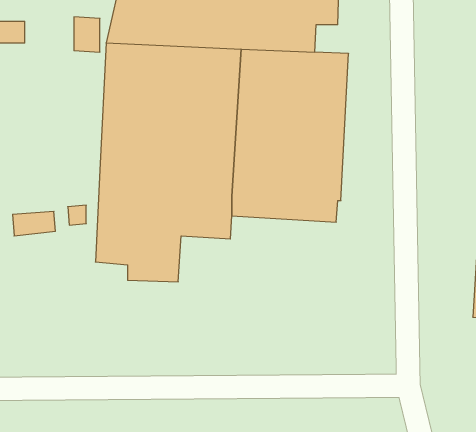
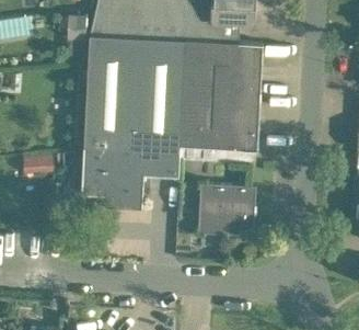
building: none -> [198,185,255,237]

